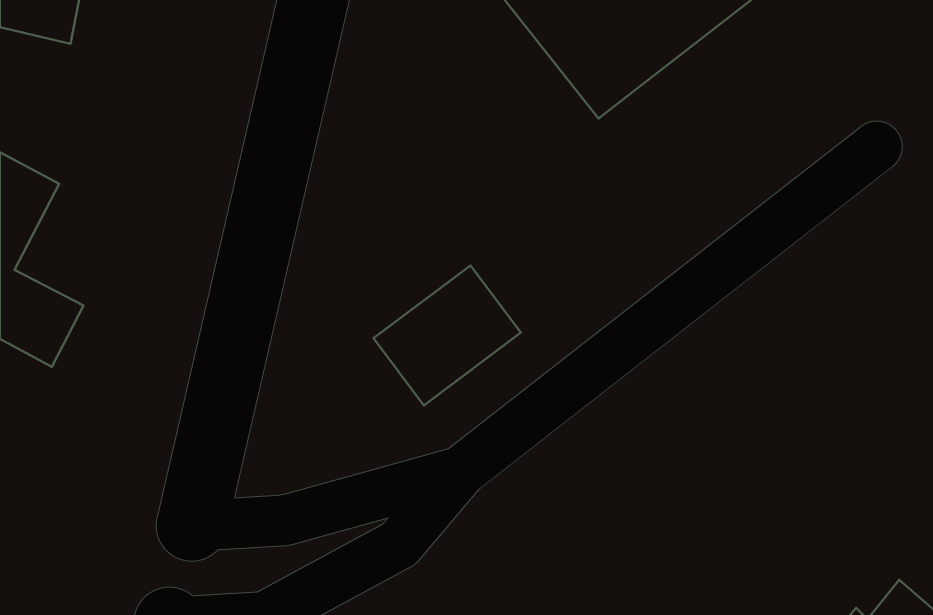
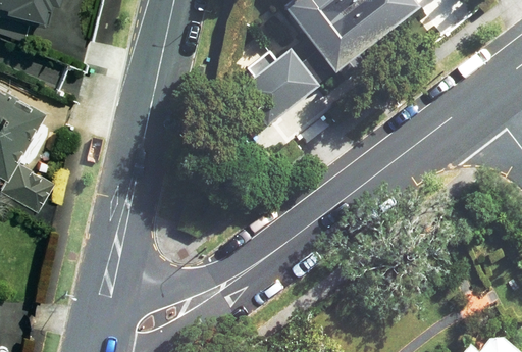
building: [374,265,521,405] -> [240,48,320,124]

